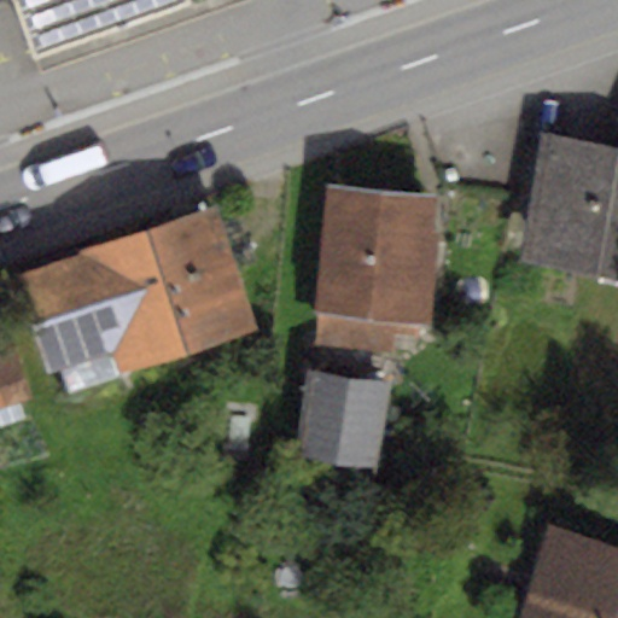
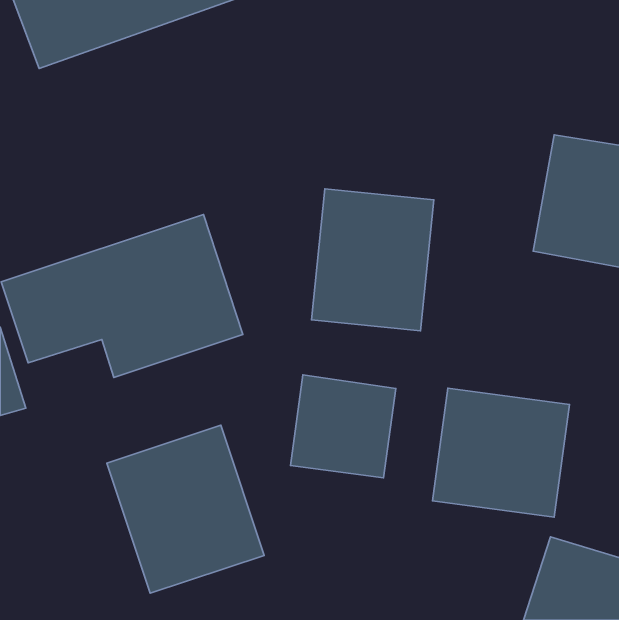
building: none -> [432,388,570,517]
building: none -> [107,425,264,593]

